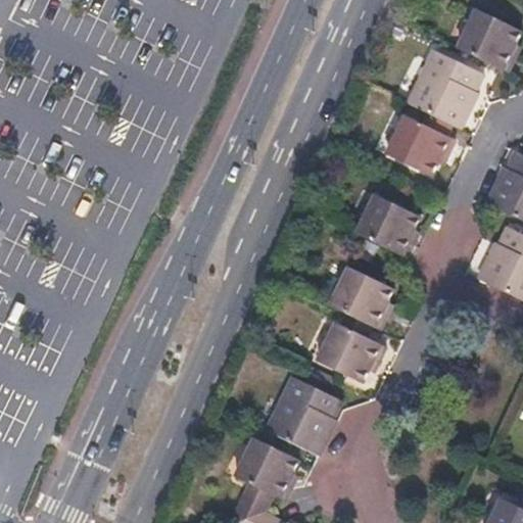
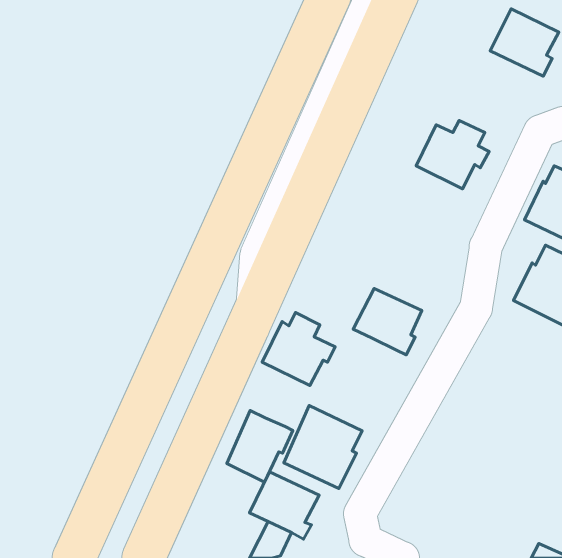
building: [409,51,482,128] -> none
building: [358,193,418,254] -> none
building: [316,313,383,380] -> [262,313,335,385]
building: none -> [227,410,293,482]

